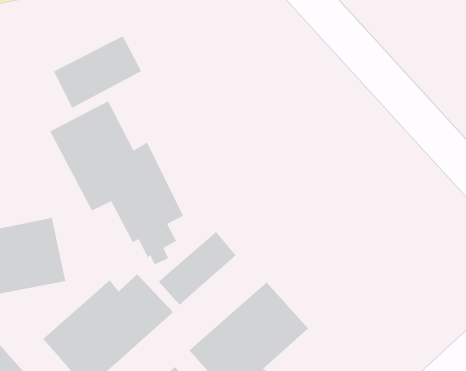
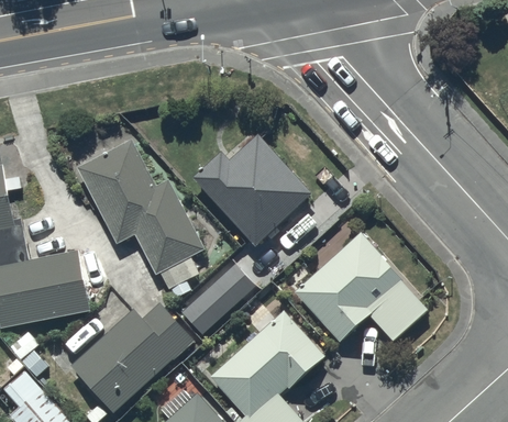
building: [53,35,142,109] -> none
building: none -> [190,133,313,247]
building: none -> [294,230,428,344]

